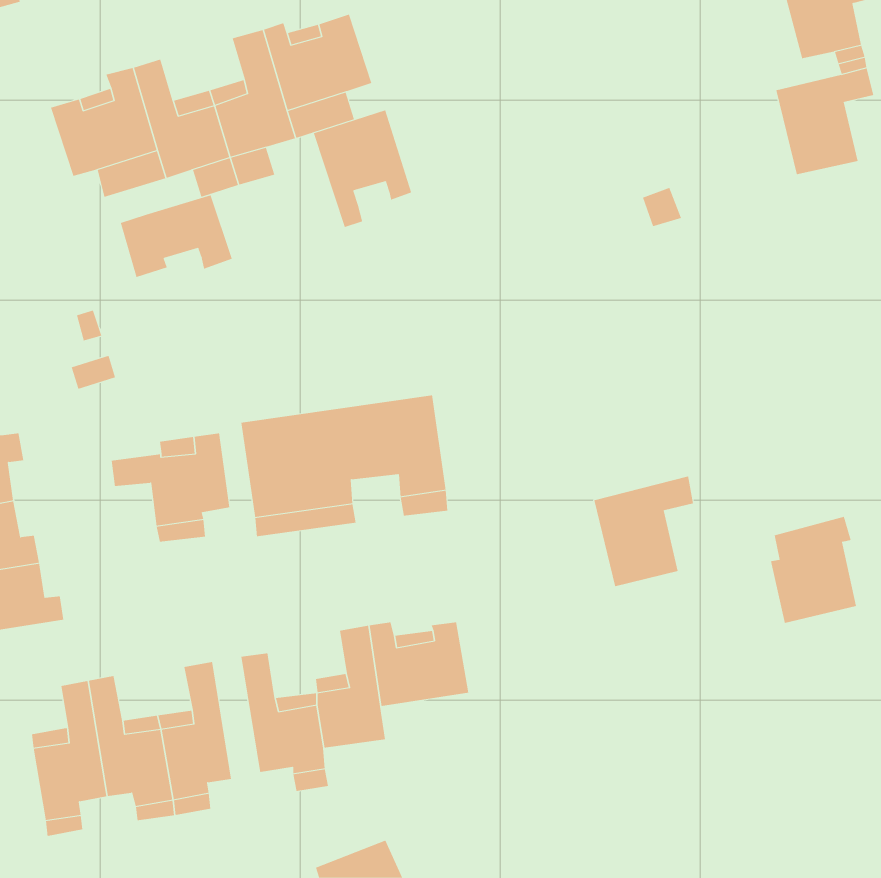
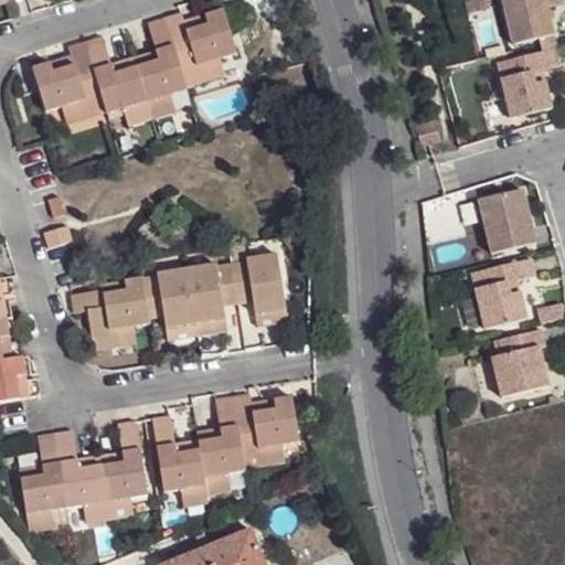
building: [313,110,412,228] -> none
building: [120,194,233,278] -> none
building: none -> [477,189,530,253]
building: [594,476,694,587] -> [470,257,534,328]

